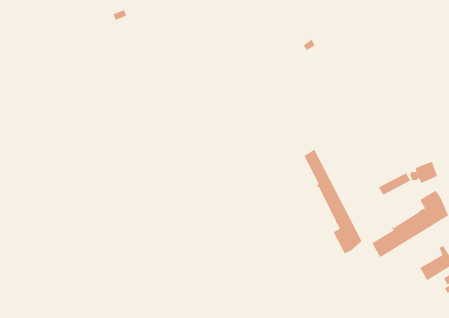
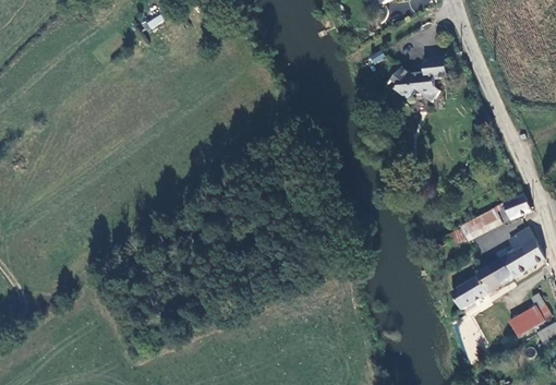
building: none -> [391,57,447,101]
building: [304,149,362,254] -> none

